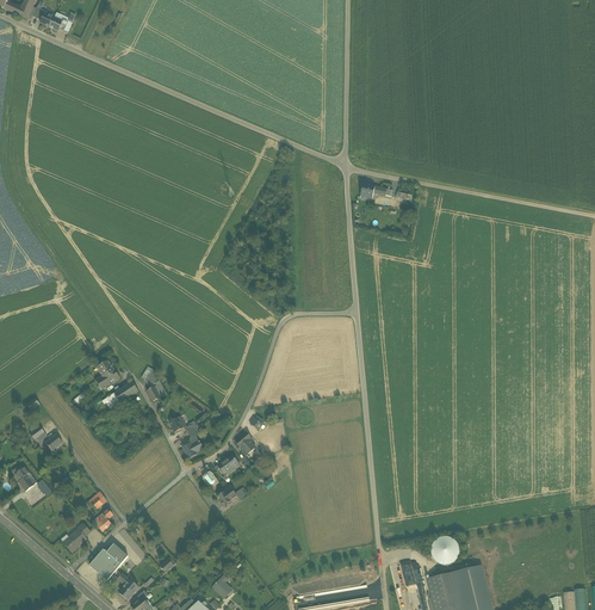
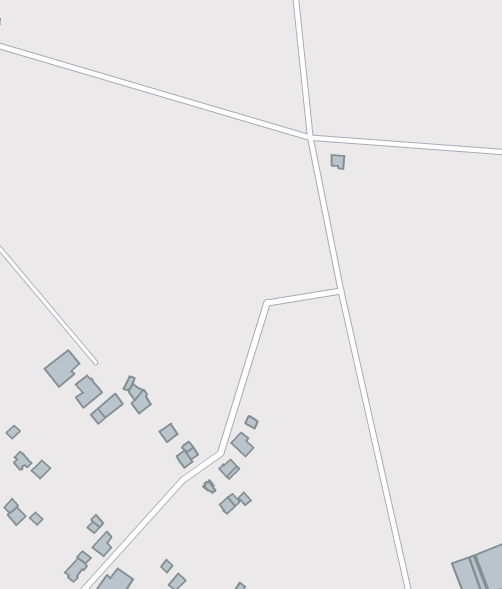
building: none -> [44,350,80,387]
building: [430,537,459,565] -> none

